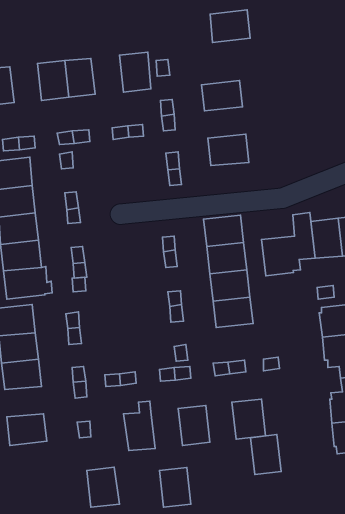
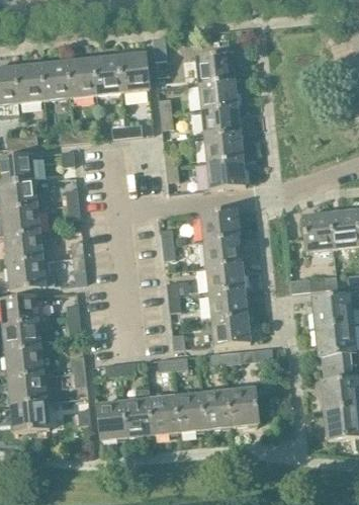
building: [210,10,250,43] -> [195,53,234,84]
building: none -> [91,56,122,93]
building: none -> [13,64,43,101]
building: none -> [200,105,240,136]
building: none -> [206,159,245,189]
building: [262,212,315,276] -> none
building: none -> [211,314,250,346]
building: none -> [8,374,46,404]
building: [251,435,281,475] -> [201,390,231,428]
building: [87,467,119,507] -> [96,401,127,439]
building: [159,467,191,507] -> [149,396,179,434]

